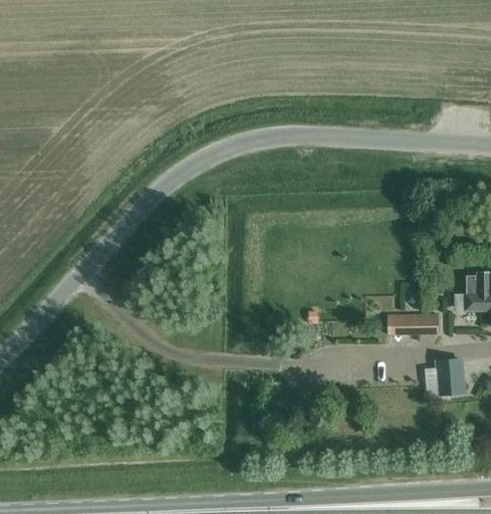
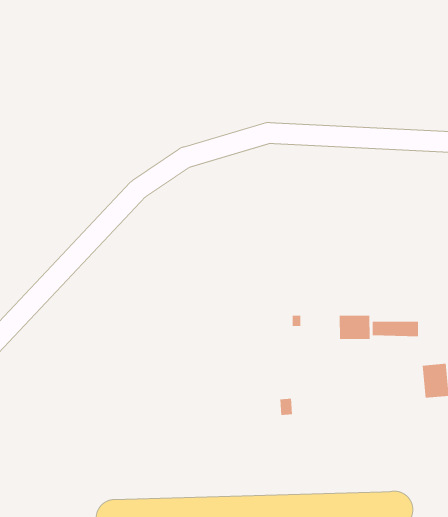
building: none -> [339,315,370,340]

